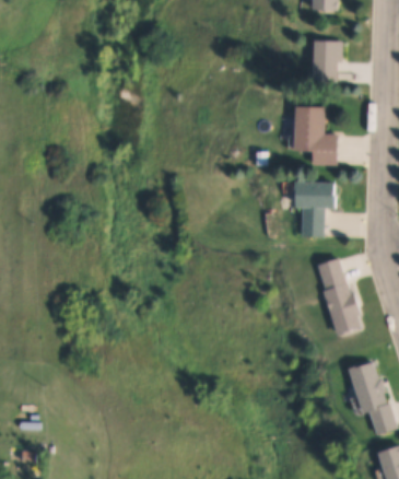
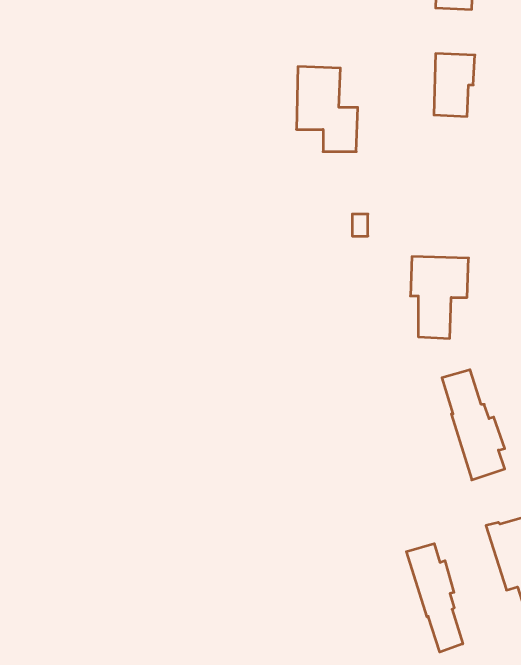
building: [294,106,337,165] -> [296,67,358,152]
building: none -> [406,544,463,652]

